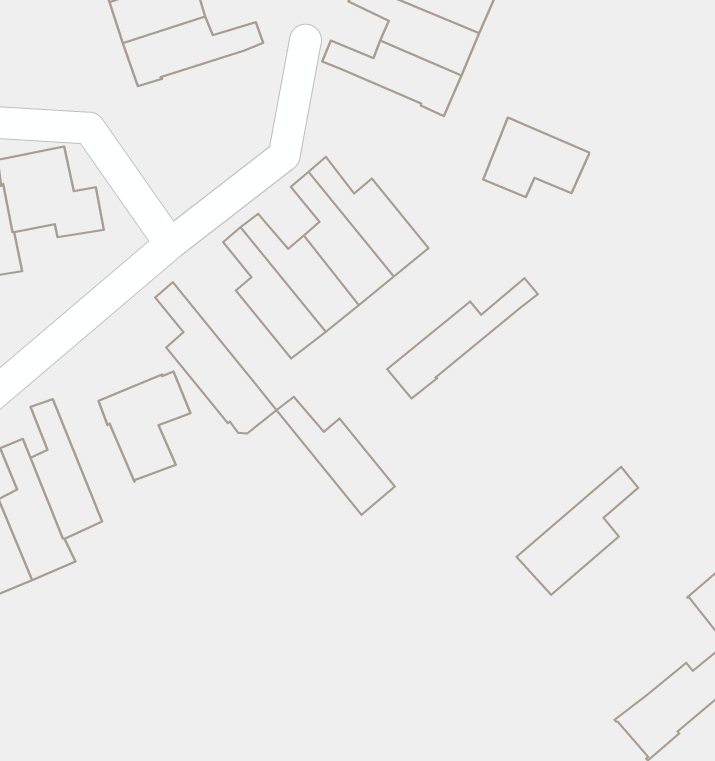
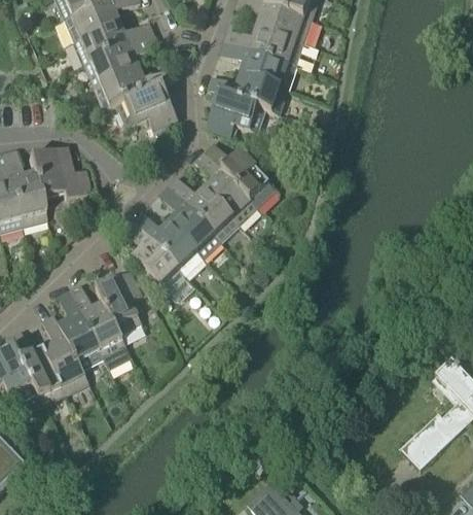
building: none -> [117,84,178,129]
building: [483,117,589,197] -> [207,91,265,135]
building: [387,278,538,398] -> none
building: none -> [70,283,132,368]
building: [276,397,395,515] -> [133,210,203,274]
building: [517,467,638,595] -> none

